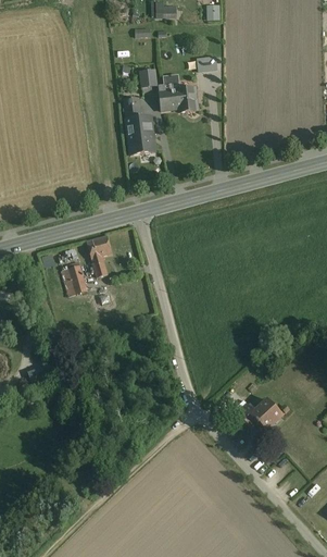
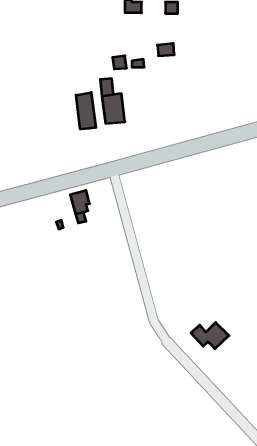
building: [160,87,198,111] -> none
building: none -> [76,92,96,129]

